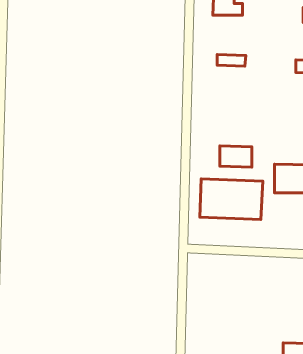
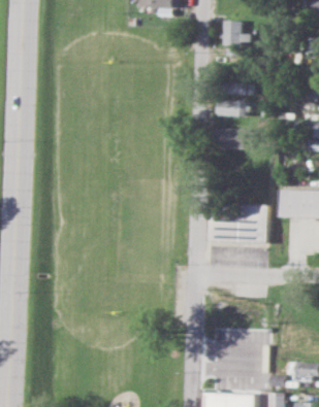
building: none -> [212,100,246,117]
building: [220,146,252,167] -> [211,129,242,149]

